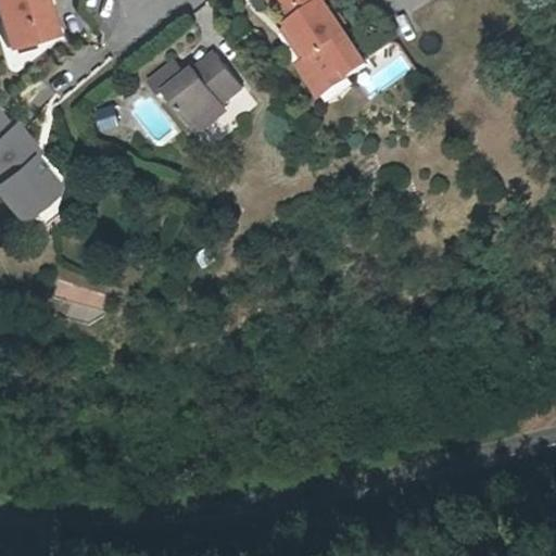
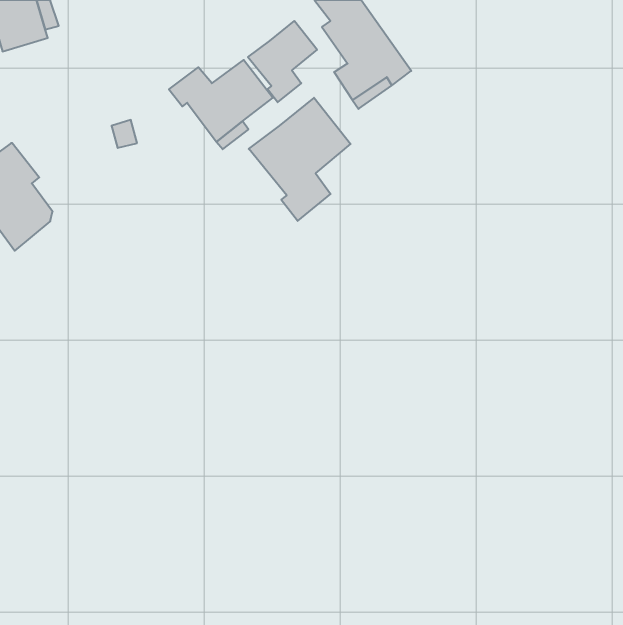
building: none -> [248,21,317,102]
building: none -> [249,98,351,221]

